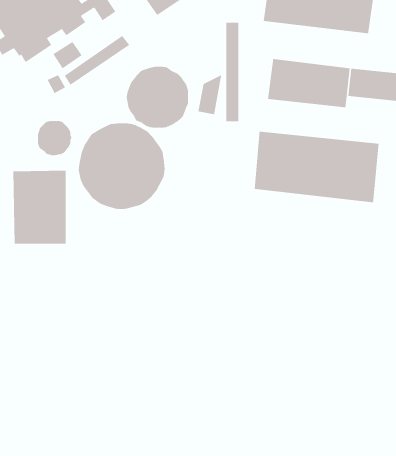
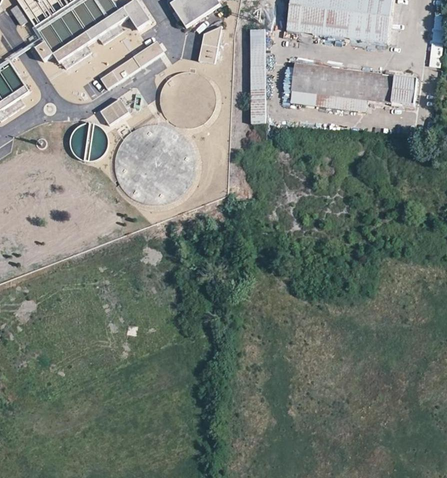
building: [52,41,82,69] -> [100,99,128,125]
building: [198,74,222,115] -> [198,26,221,64]
building: [254,131,379,203] -> none
building: [13,170,66,245] -> none

